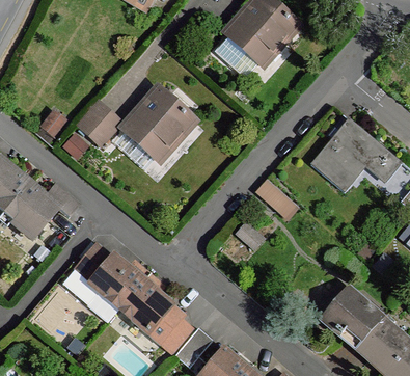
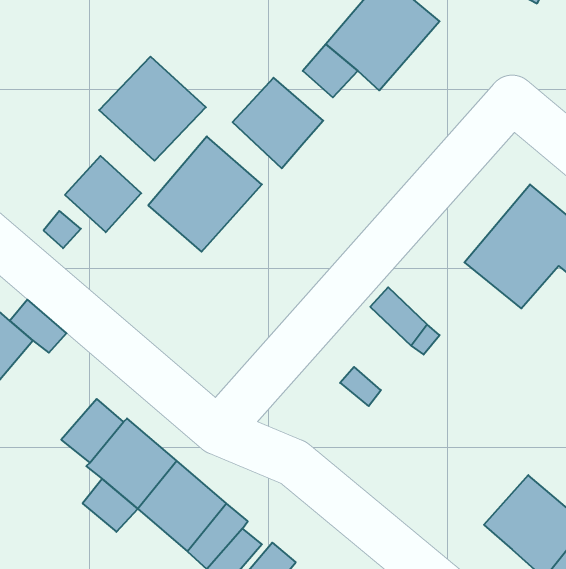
building: none -> [99,57,206,161]
building: none -> [233,78,323,168]

